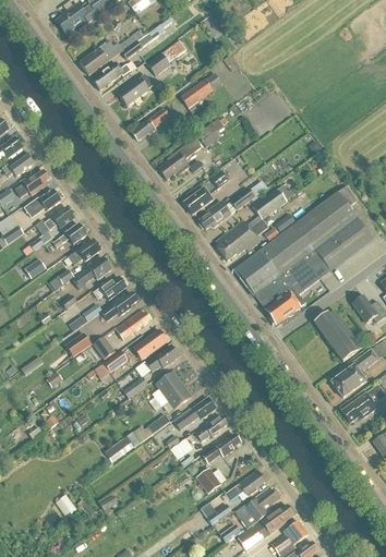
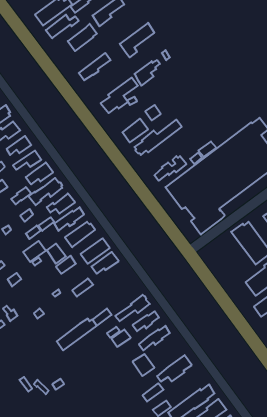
building: [216,187,286,253] -> none
building: [153,371,191,408] -> none
building: [234,486,279,528] -> none

